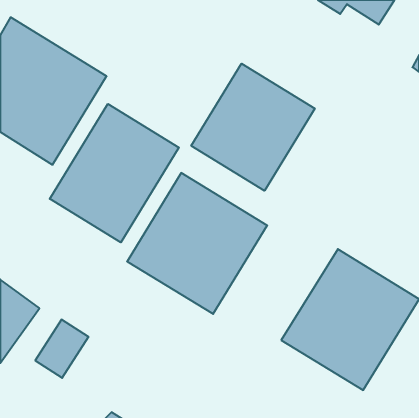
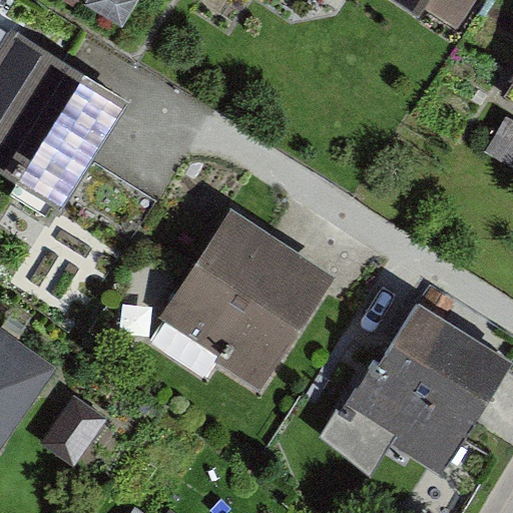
building: [191,64,315,191] -> none
building: [50,104,179,242] -> none

